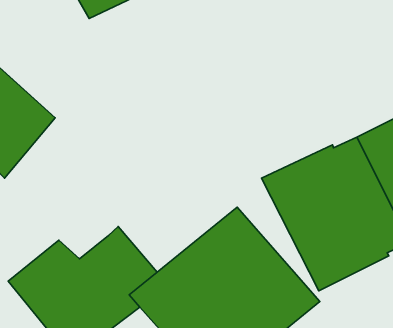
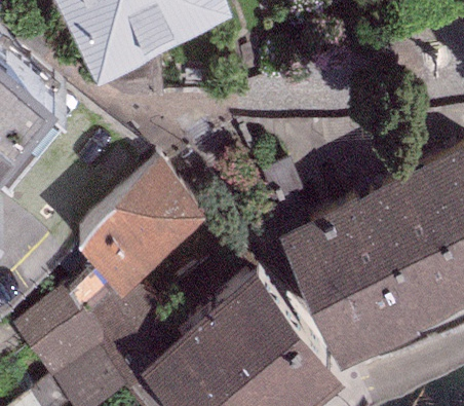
building: none -> [83,150,214,274]

